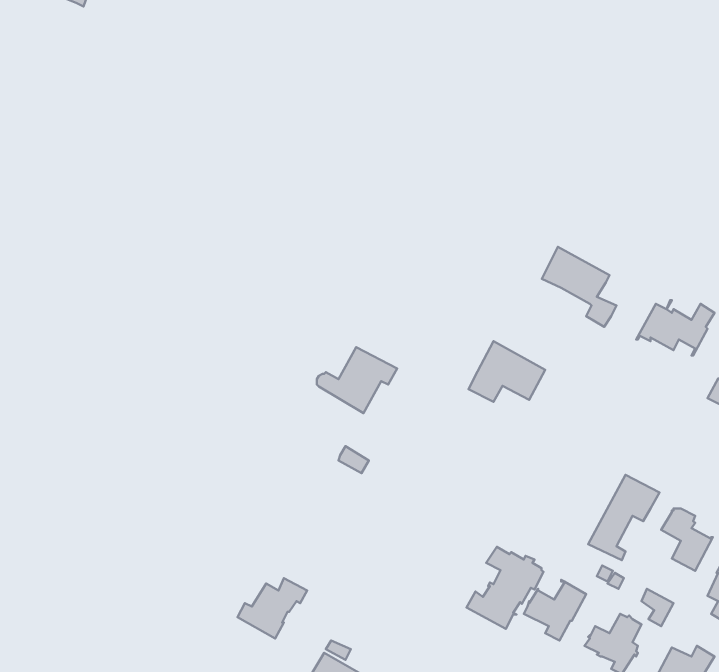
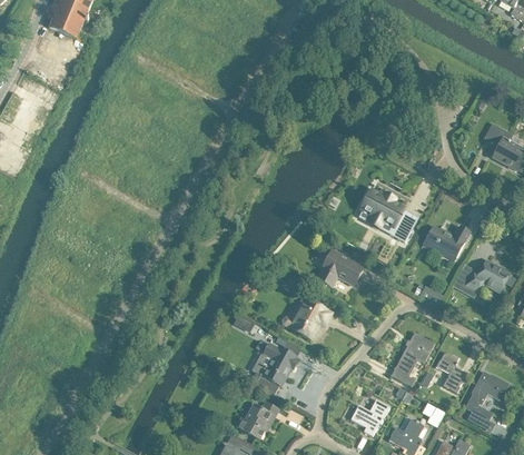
building: [317,347,397,413] -> [281,298,332,339]
building: [467,547,543,629] -> [250,343,298,394]
building: [238,578,307,639] -> [236,400,279,438]

